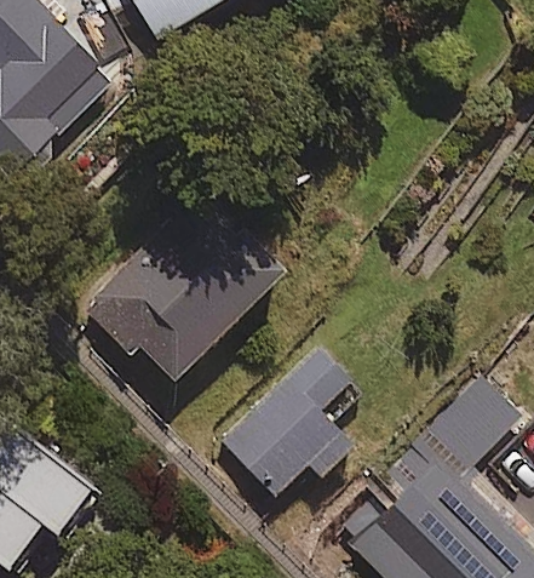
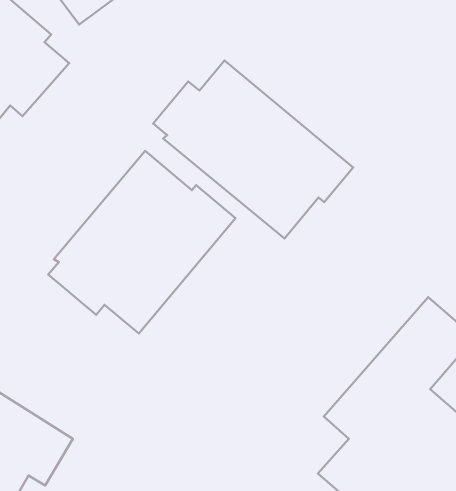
building: none -> [153,60,353,239]
building: [218,347,352,502] -> none

